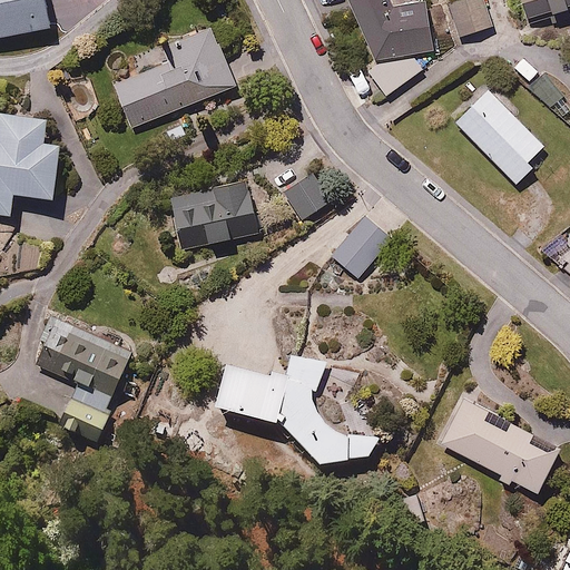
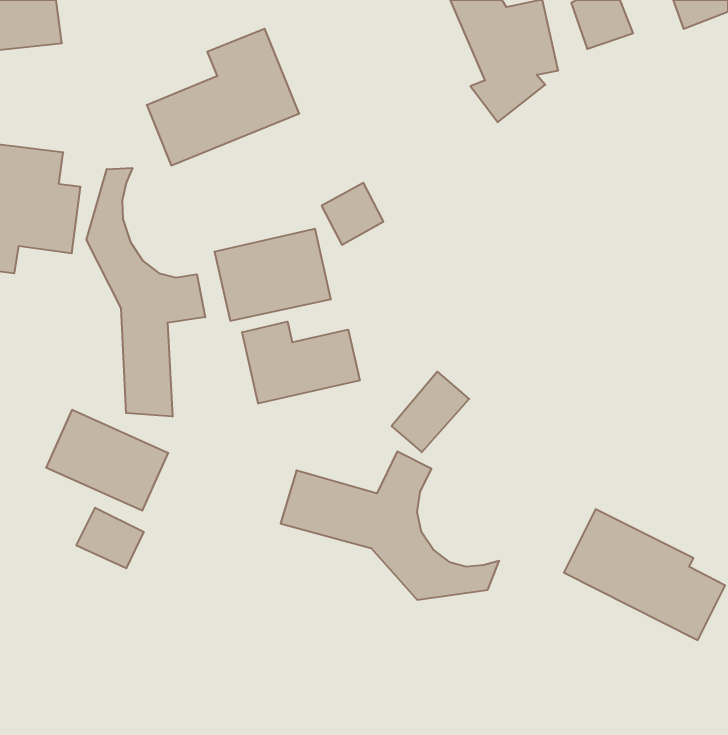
building: [451,85,546,185] -> none
building: none -> [86,168,205,417]
building: [281,170,328,218] -> [322,183,383,245]
building: [333,215,393,277] -> [392,372,469,452]
building: none -> [242,322,360,404]

